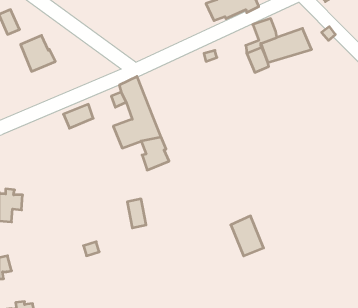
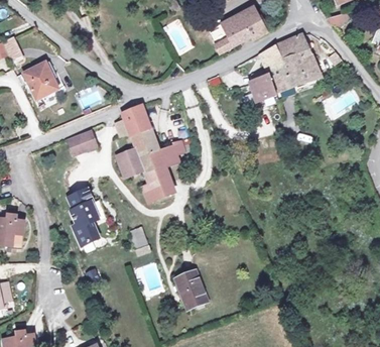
building: none -> [276,34,308,64]
building: none -> [157,132,191,164]
building: none -> [71,190,101,246]
building: [231,216,264,256] -> [180,272,214,313]

